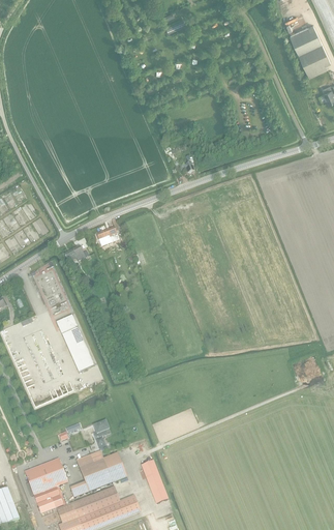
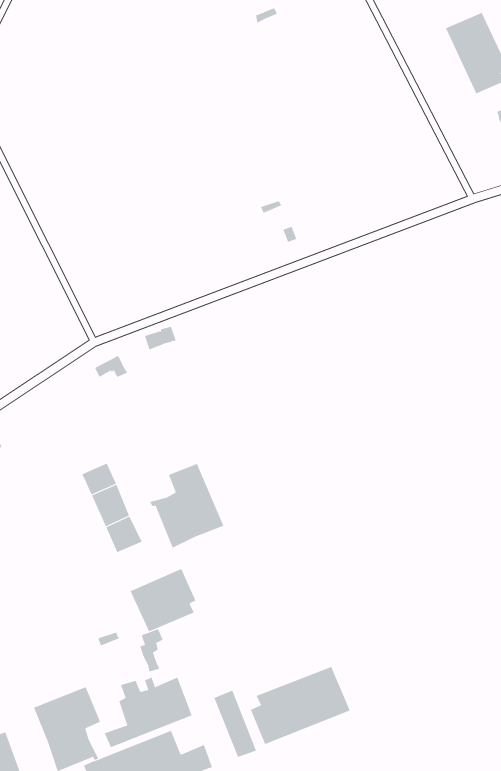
building: none -> [150,463,224,549]
building: none -> [130,568,196,632]
building: none -> [250,666,351,745]

